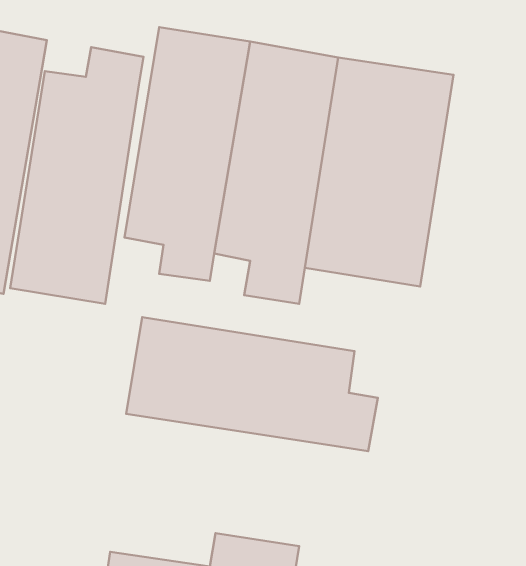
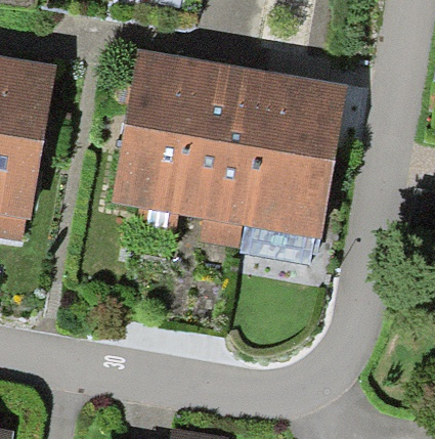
building: [10,47,144,304] -> none
building: [126,317,378,451] -> none

